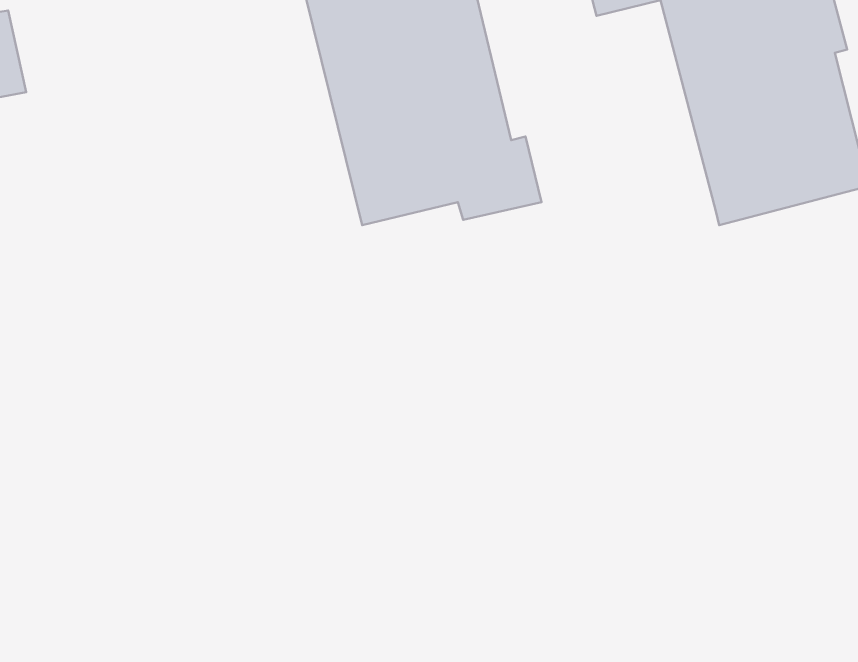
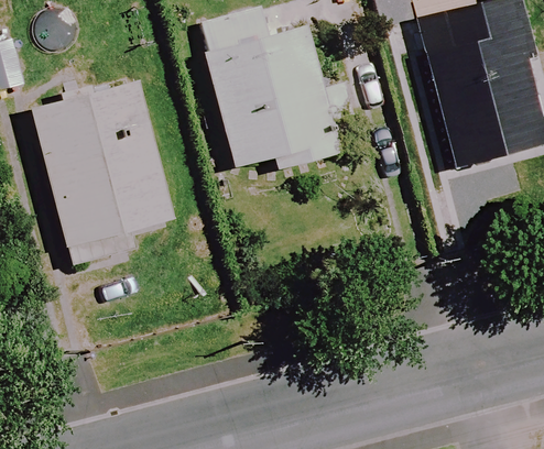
building: none -> [32,83,174,248]

